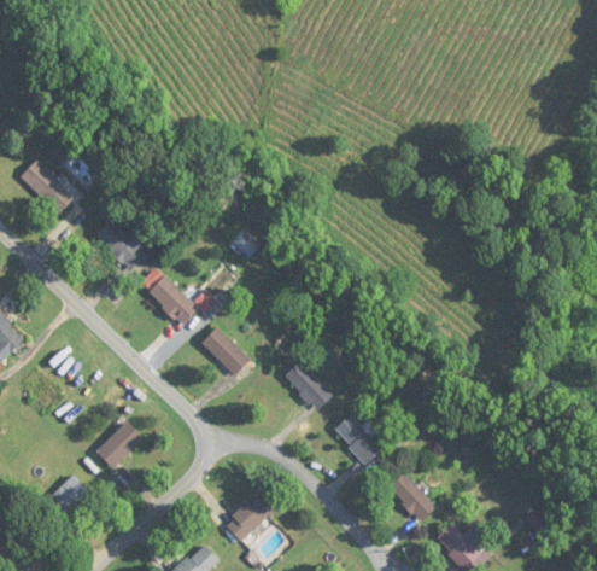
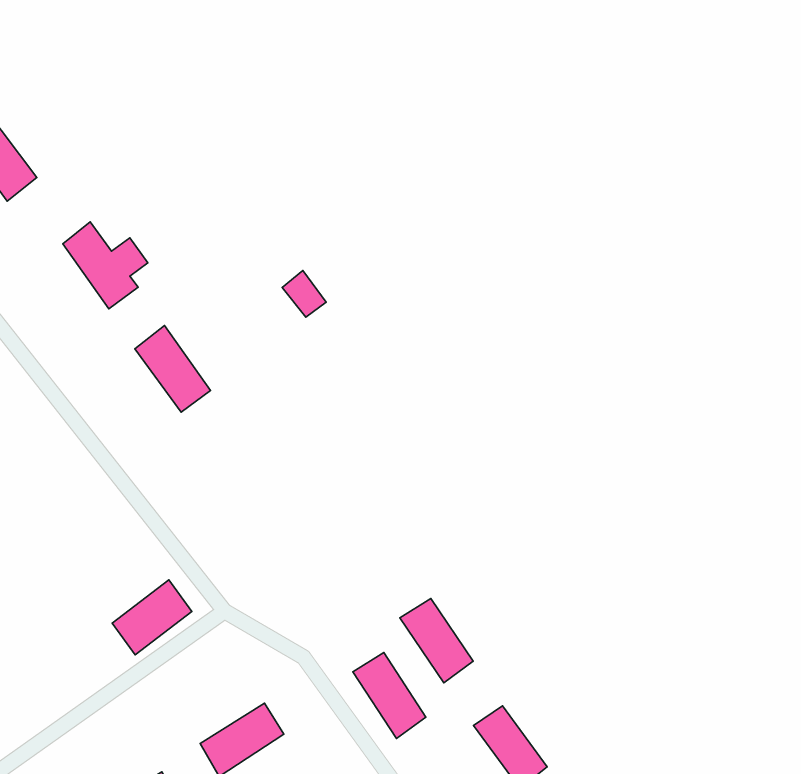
building: [201,326,250,375] -> none
building: [283,360,332,410] -> [353,653,426,739]
building: [95,420,142,468] -> [112,580,192,655]

